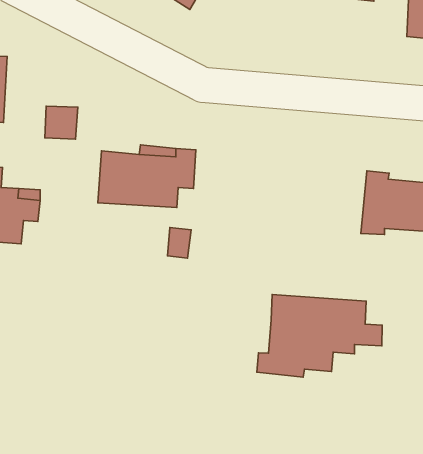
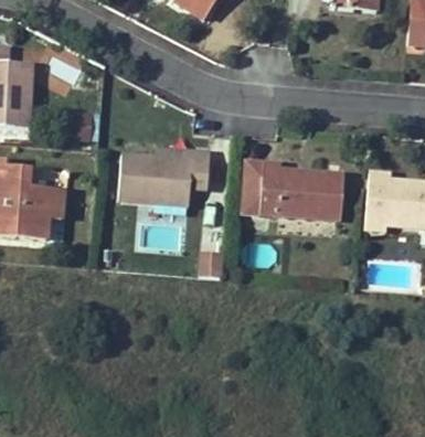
building: none -> [243,160,343,217]
building: [257,295,382,377] -> none

